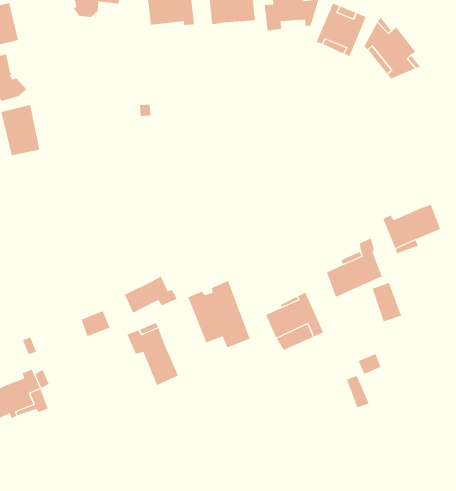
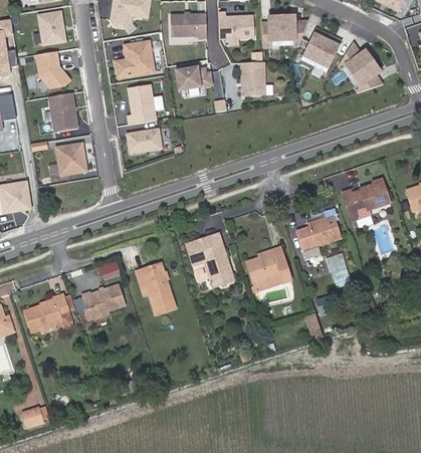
building: none -> [116,38,154,74]
building: none -> [240,58,264,93]
building: none -> [175,63,211,87]
building: none -> [128,81,156,122]
building: none -> [127,126,162,151]
building: none -> [56,140,87,173]
building: [124,276,177,314] -> none
building: none -> [81,285,124,320]

